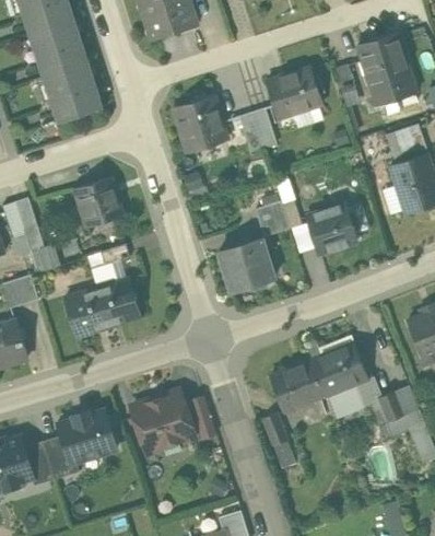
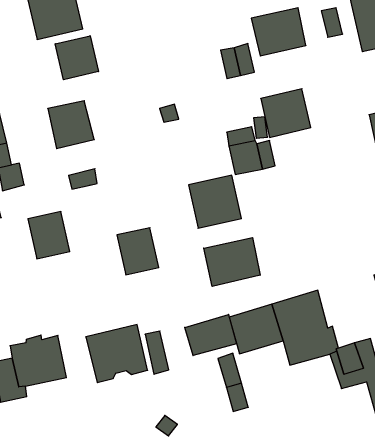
building: [173,95,226,152] -> none
building: none -> [55,36,98,80]
building: [306,203,357,254] -> [261,89,311,137]
building: [96,278,140,326] -> [117,228,159,275]
building: none -> [204,238,260,286]
building: none -> [185,314,237,356]

